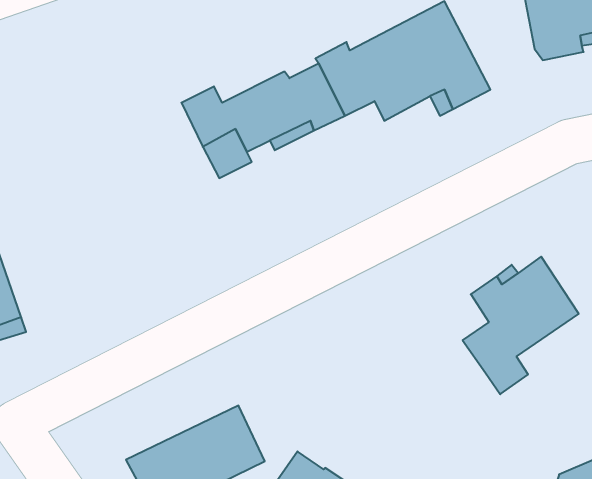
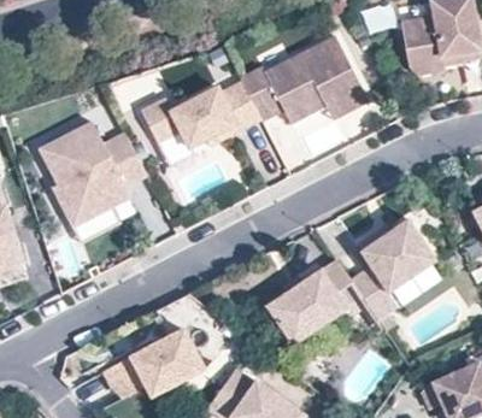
building: none -> [41,119,148,224]
building: none -> [269,263,368,347]

